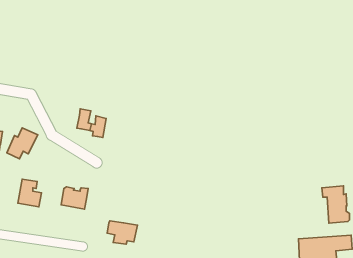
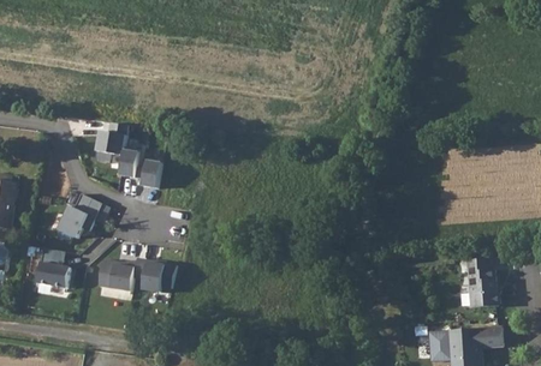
building: none -> [97,128,129,160]
building: [7,128,38,159] -> [60,196,103,239]
building: [107,221,137,244] -> [133,259,176,292]

